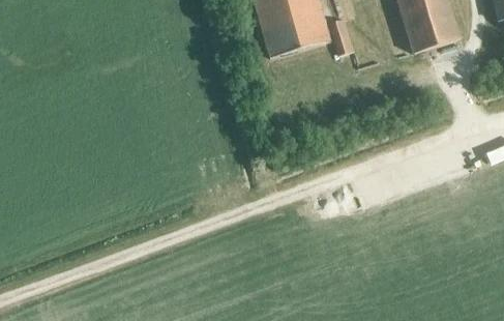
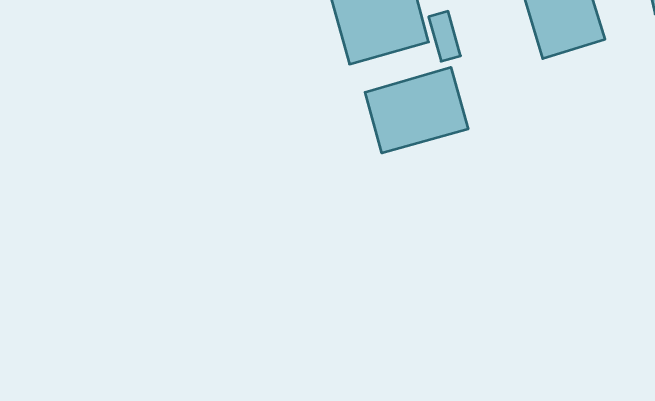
building: none -> [365,67,468,153]

